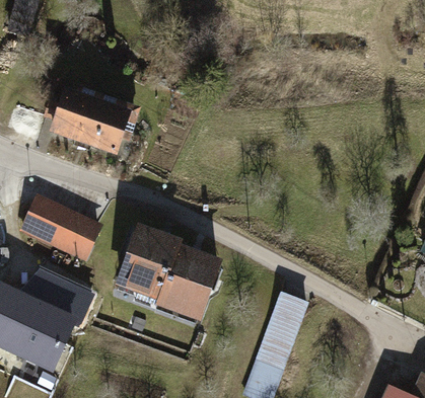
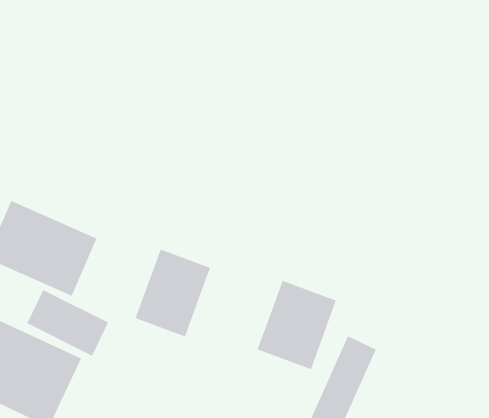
building: [51,89,130,151] -> none
building: [156,249,220,321] -> [257,280,337,370]

